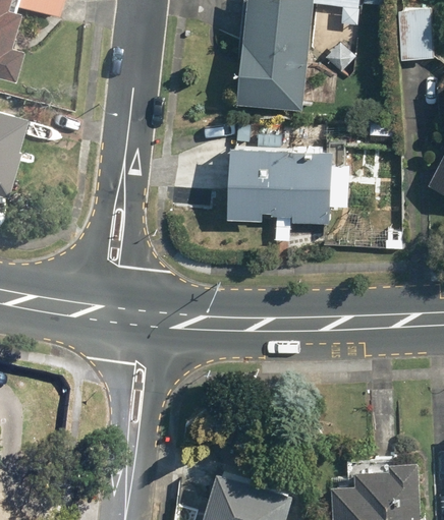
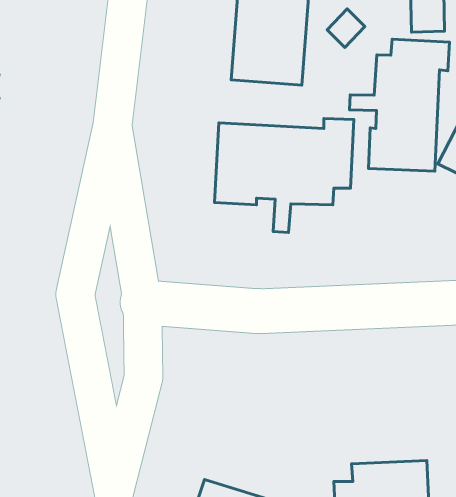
building: none -> [350,39,449,171]

